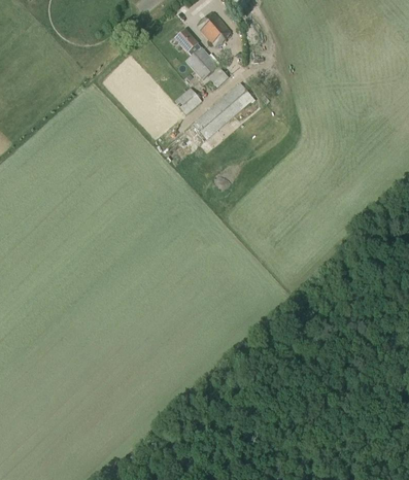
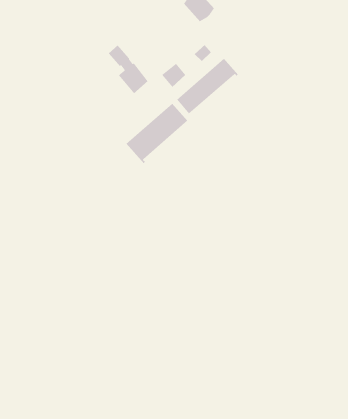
building: [175,28,217,79] -> [108,44,149,94]
building: none -> [126,103,188,164]

